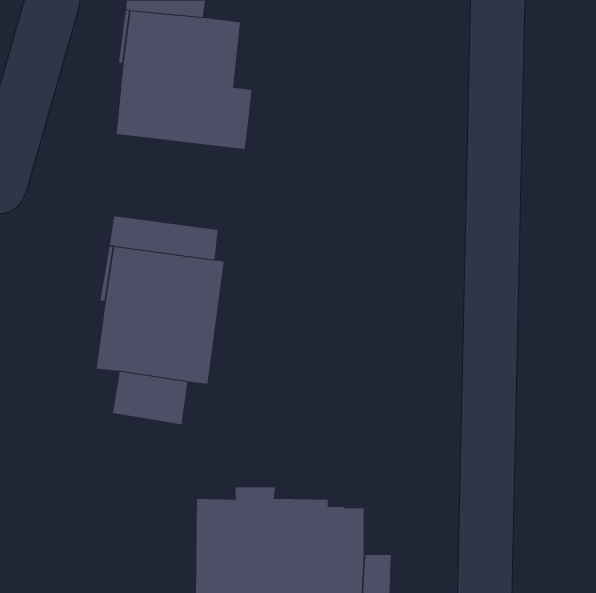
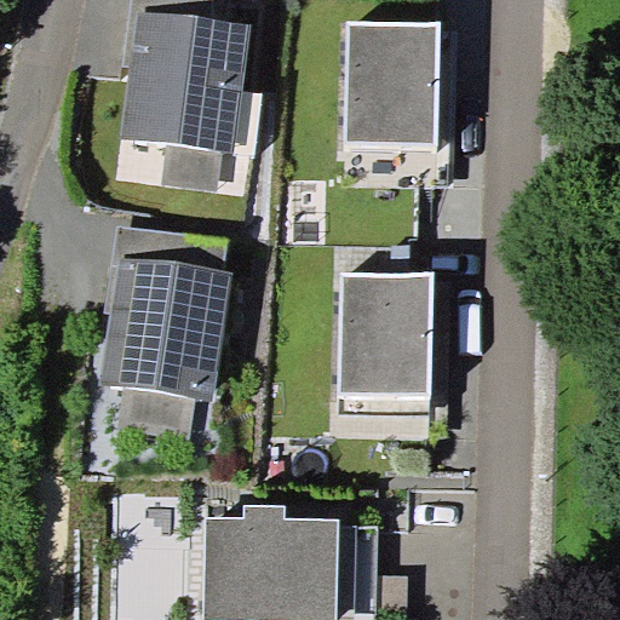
building: none -> [344,24,440,149]
building: none -> [340,277,431,400]

